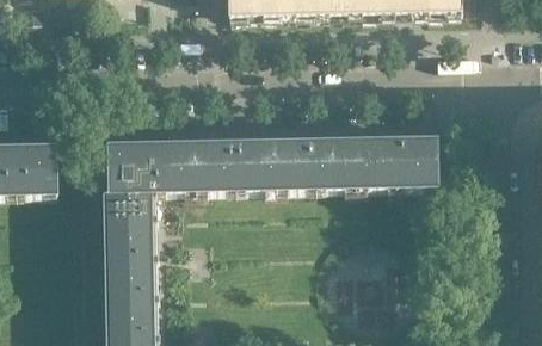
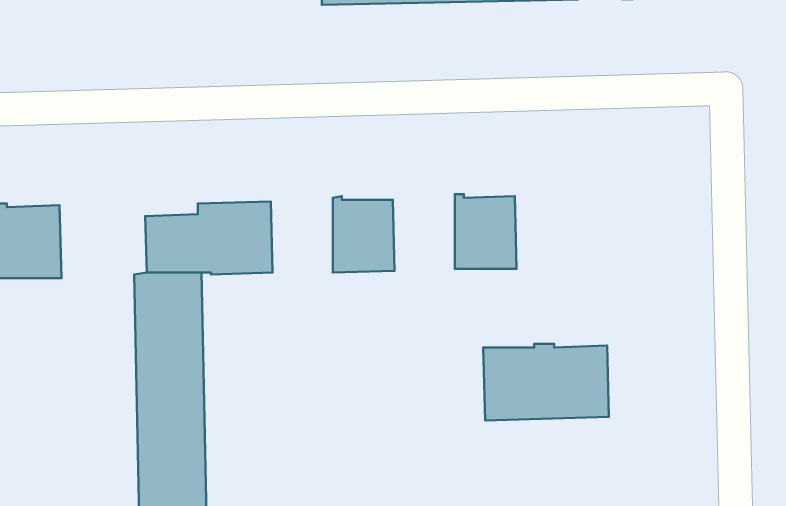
building: [356,137,438,187] -> [483,344,609,420]
building: [276,138,316,189] -> none
building: [196,141,236,190] -> none

